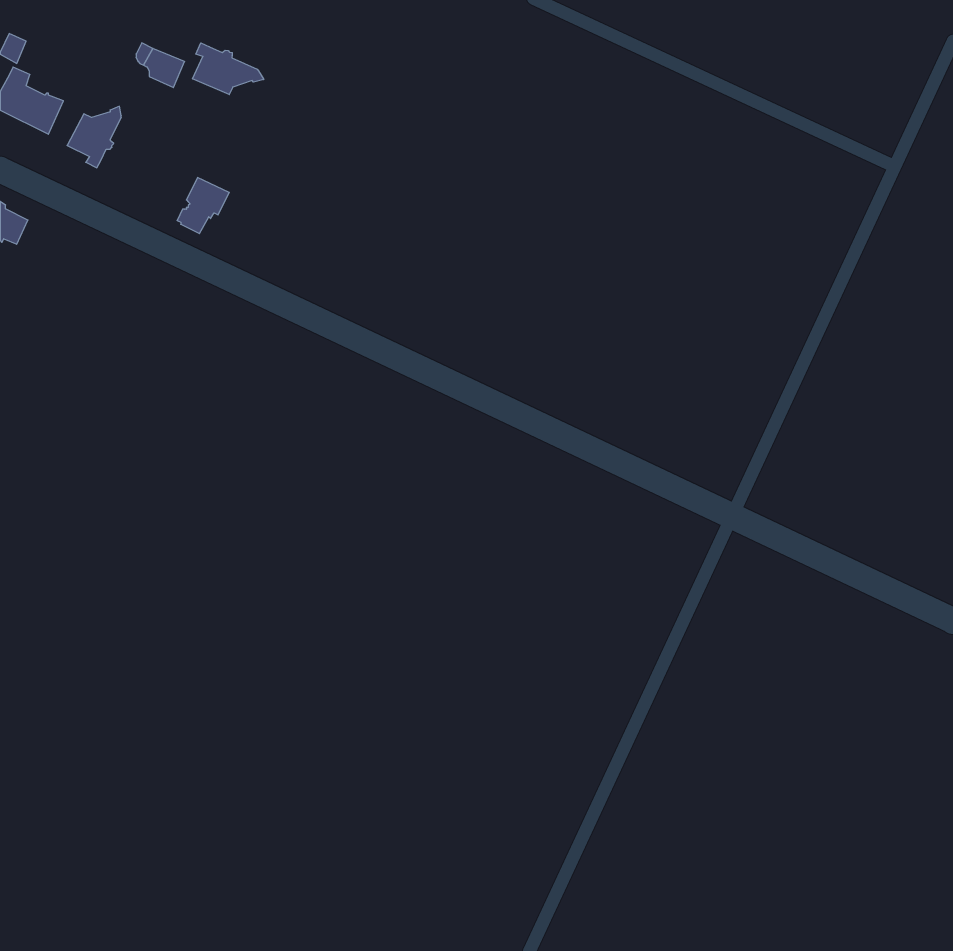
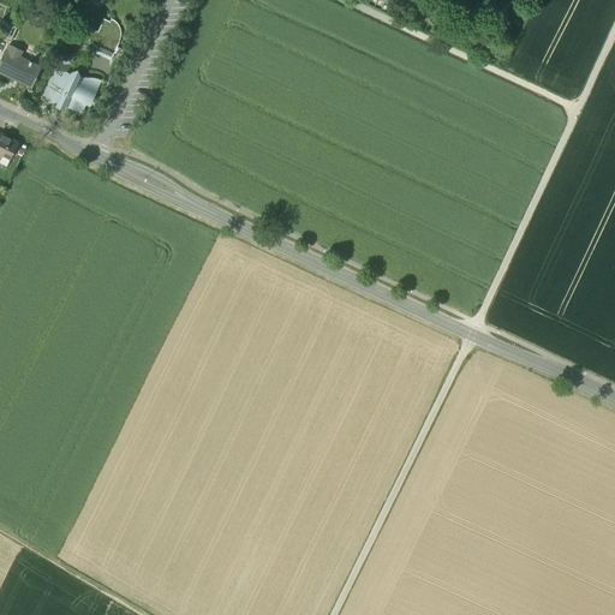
building: [193,43,264,95] -> none
building: [177,178,229,234] -> [65,76,98,112]

